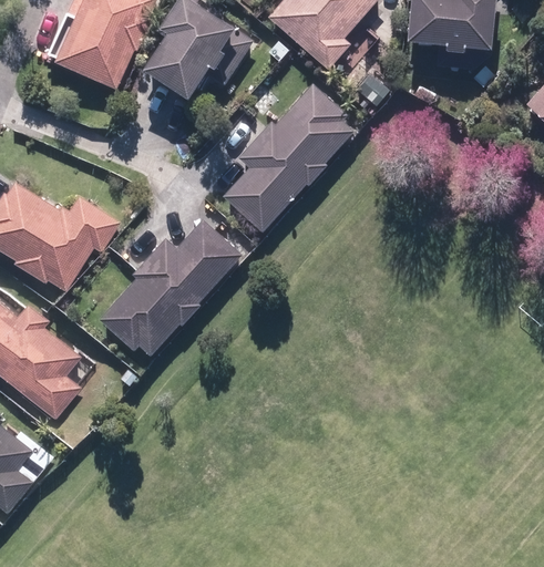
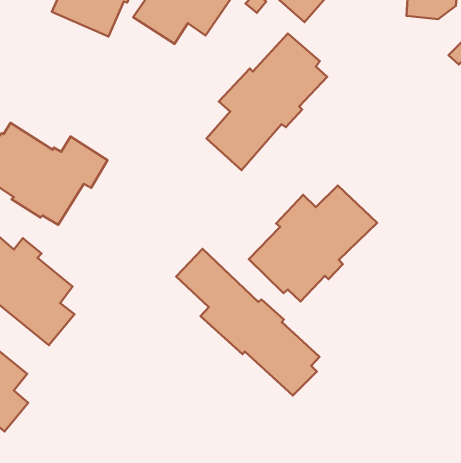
building: [99,221,240,357] -> none
building: none -> [249,185,377,302]
building: none -> [176,249,320,395]

